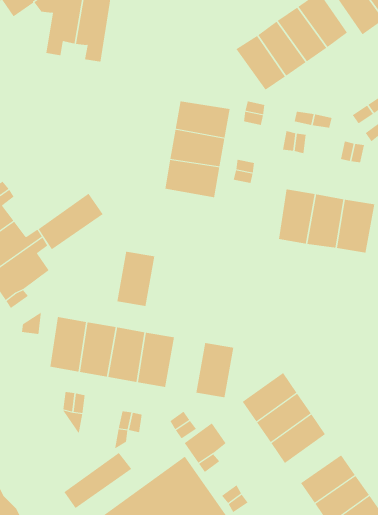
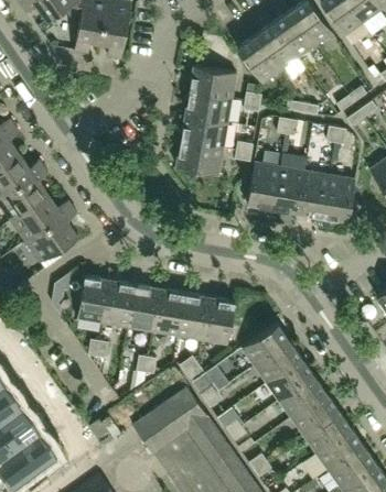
building: none -> [189,65,236,98]
building: none -> [246,162,279,209]
building: [38,193,103,250] -> none
building: [116,251,155,307] -> [176,293,210,340]
building: none -> [278,375,326,417]

